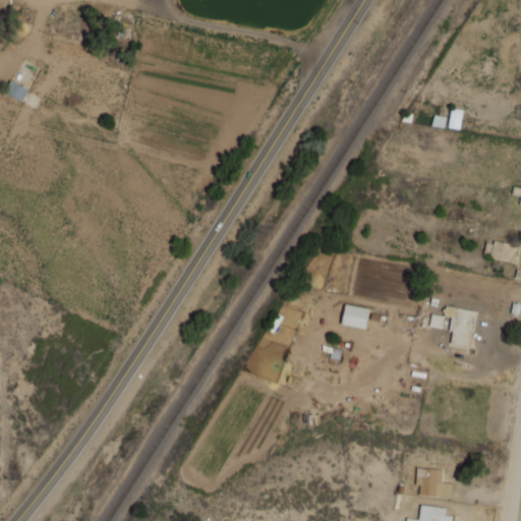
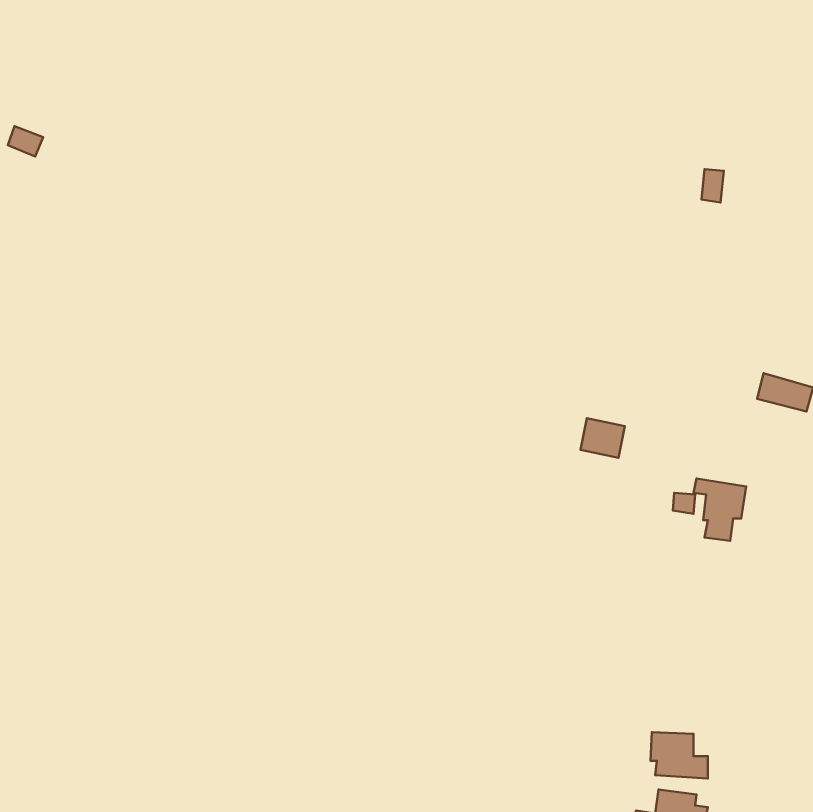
building: [342,305,370,331] -> [580,418,625,458]

